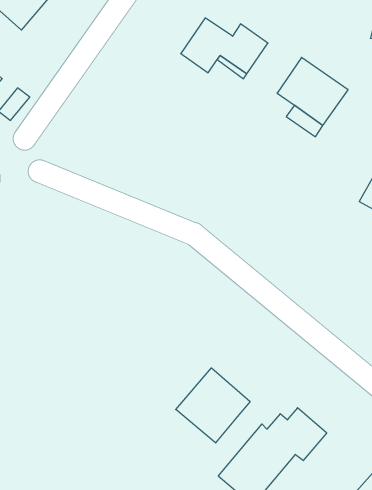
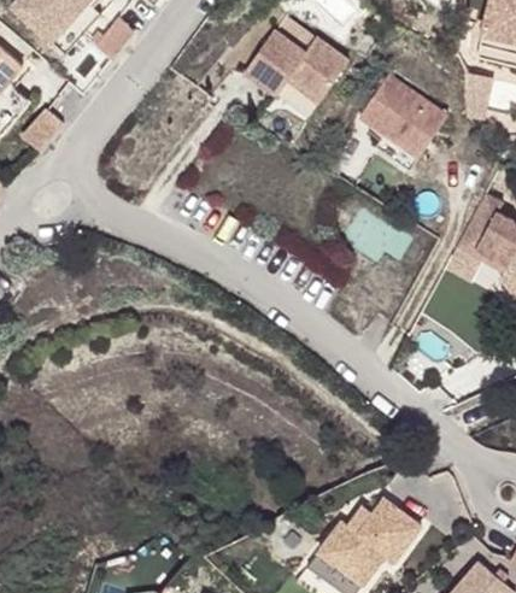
building: [176,368,250,443] -> none

